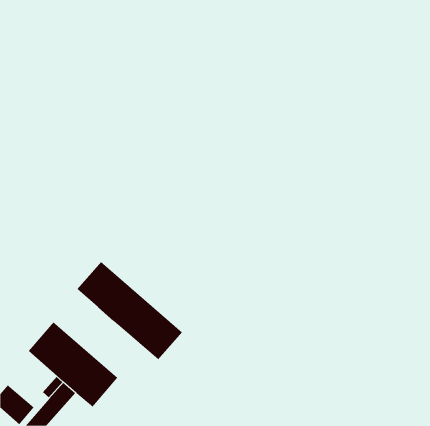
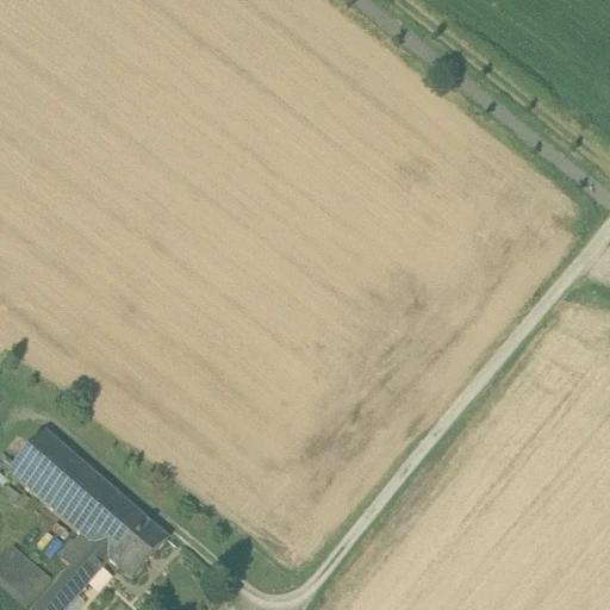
building: [77,261,183,360] -> none
building: none -> [11,429,75,496]

